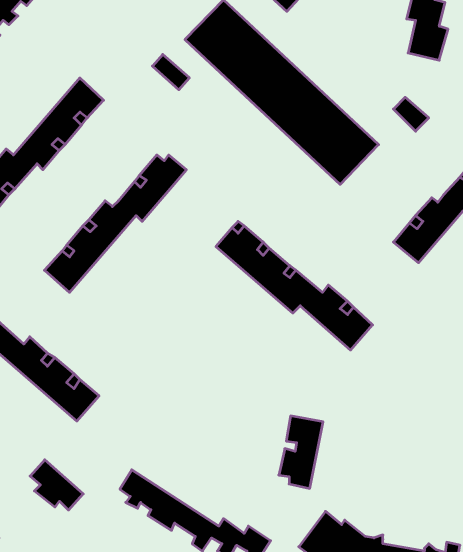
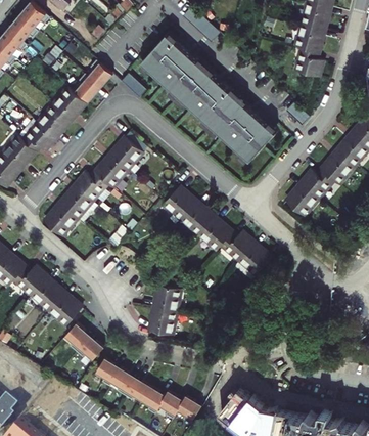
building: none -> [75,59,110,100]
building: [279,416,323,488] -> [149,285,180,335]
building: [30,460,83,510] -> [66,324,103,359]

